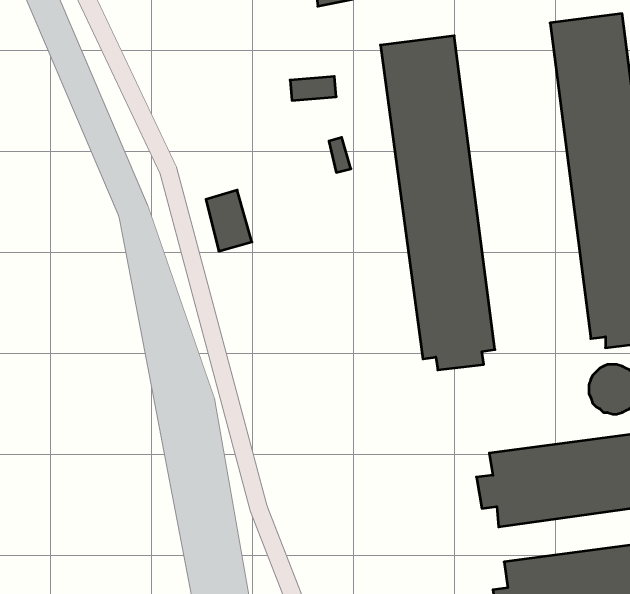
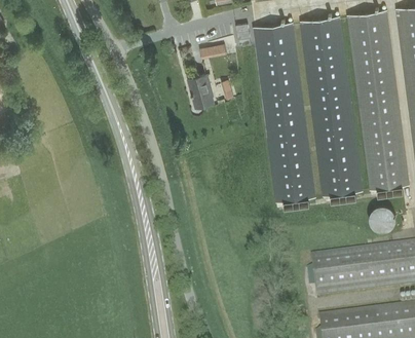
building: none -> [300,14,364,200]
building: [206,190,252,251] -> [188,73,214,107]

